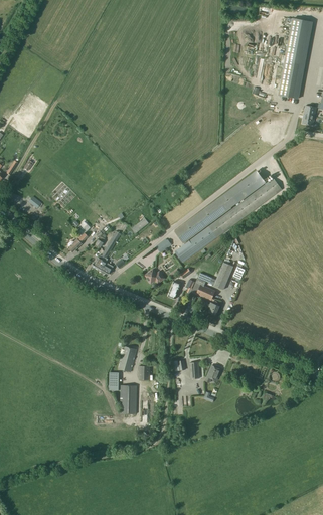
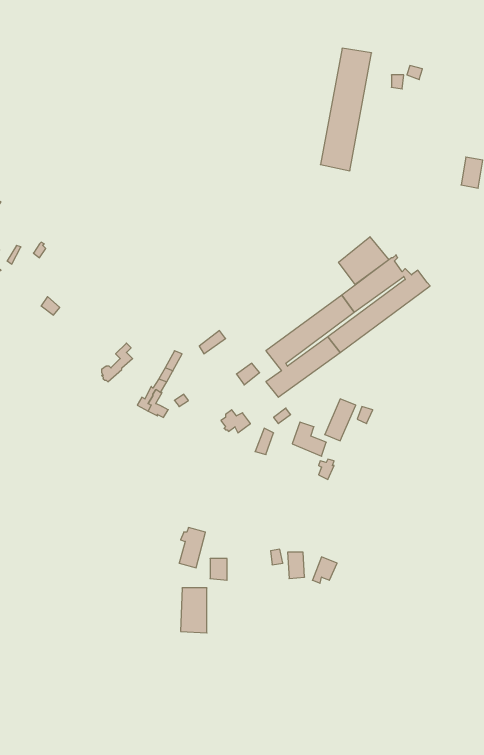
building: [279,19,312,99] -> [320,48,372,171]
building: none -> [339,237,389,285]

